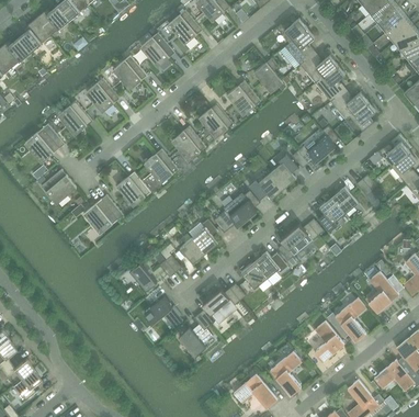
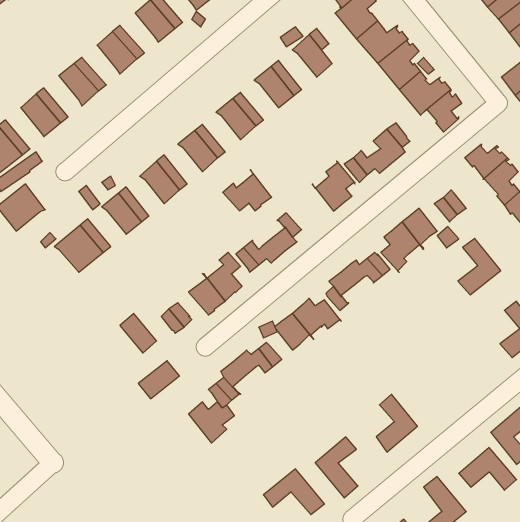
building: [248,170,283,200] -> [223,170,272,211]
building: [367,272,398,313] -> [458,238,501,295]
building: [335,298,365,342] -> none

